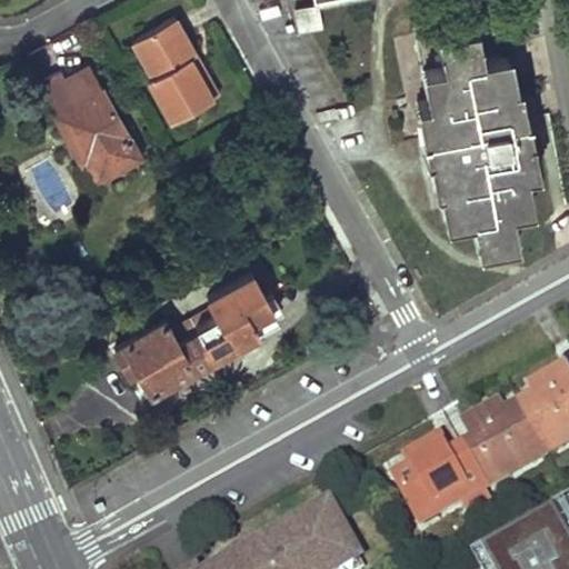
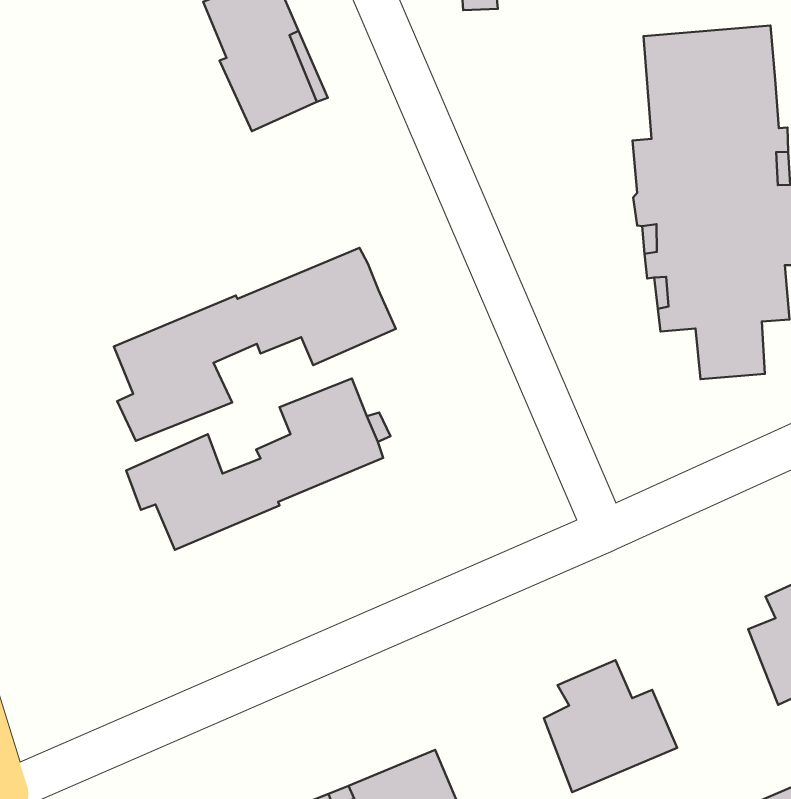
building: [41,66,139,181] -> none
building: none -> [114,248,396,441]
building: [466,403,549,489] -> none

